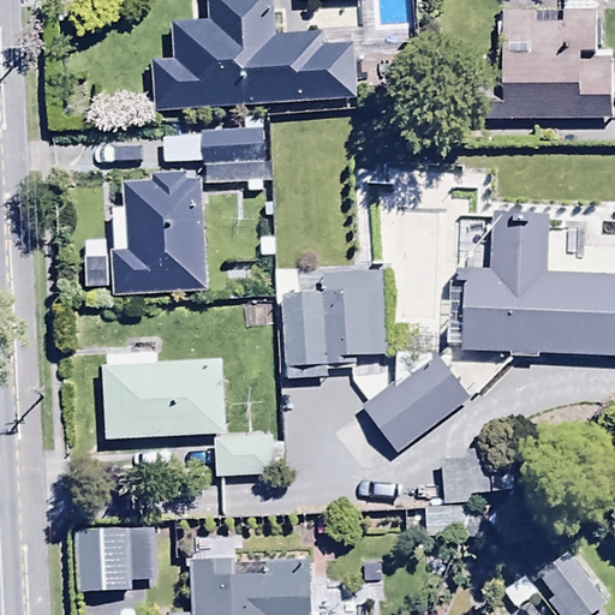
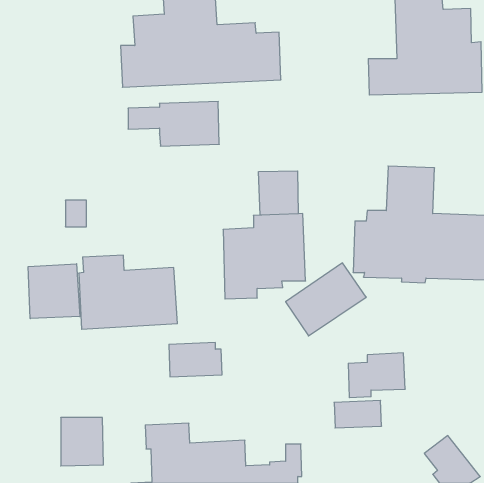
building: [112,169,207,294] -> none
building: none -> [259,171,298,215]
building: none -> [28,264,80,319]

